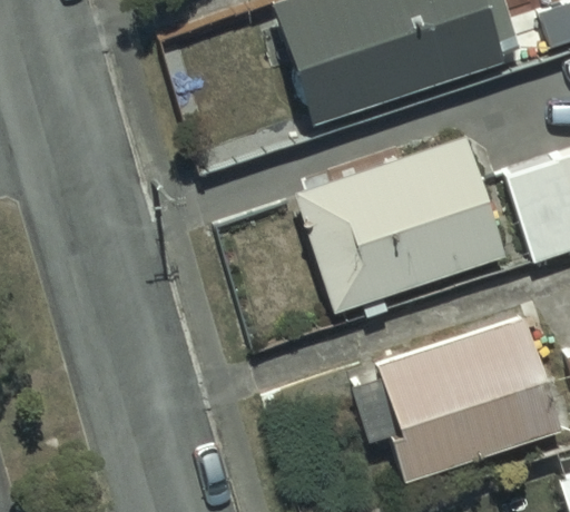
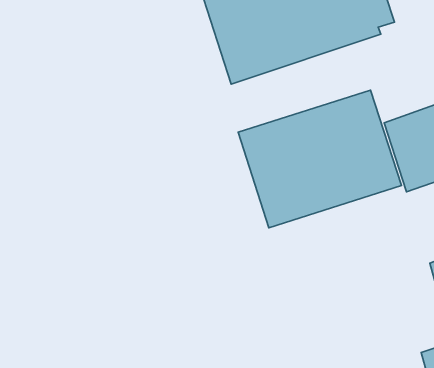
building: [377,316,563,482] -> none

